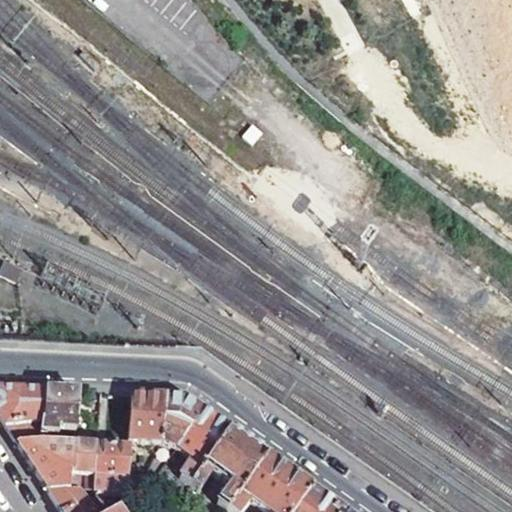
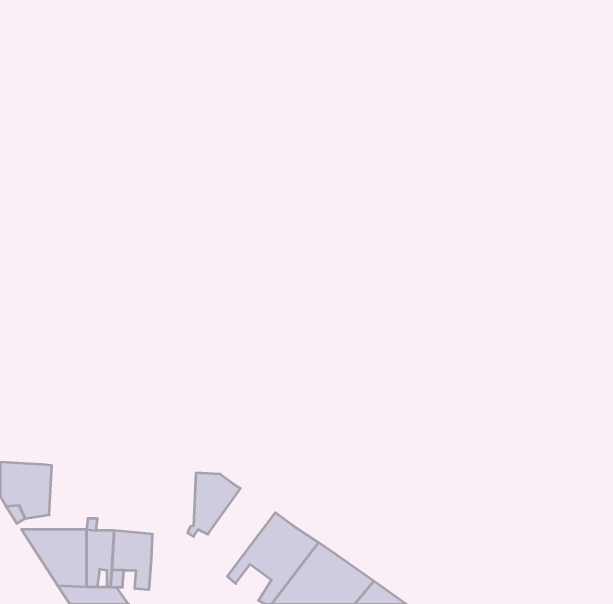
building: [42,387,77,431] -> none
building: [129,392,164,438] -> none
building: [174,406,230,479] -> none

